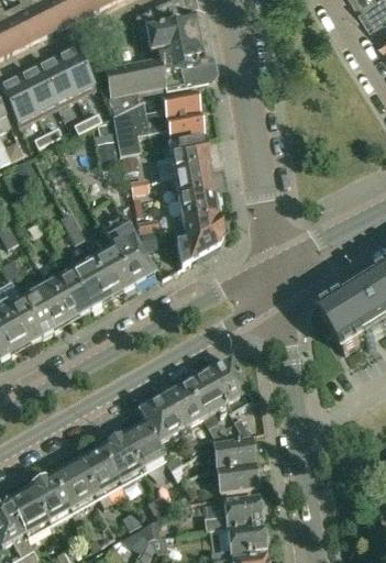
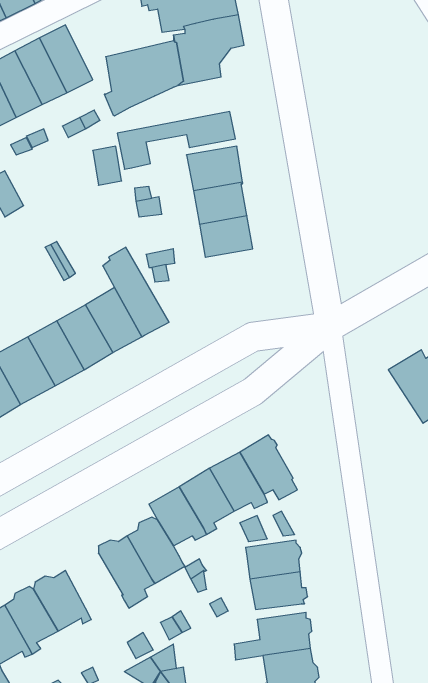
building: [112,89,200,128] -> none
building: [174,216,223,265] -> none
building: [78,444,120,496] -> none

